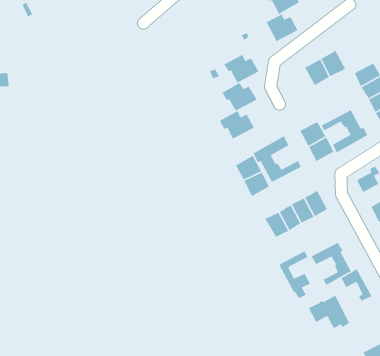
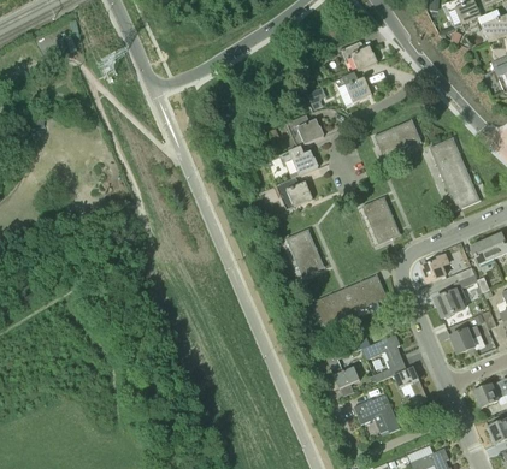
building: [321,109,368,153] -> none
building: [252,135,302,183] -> none

